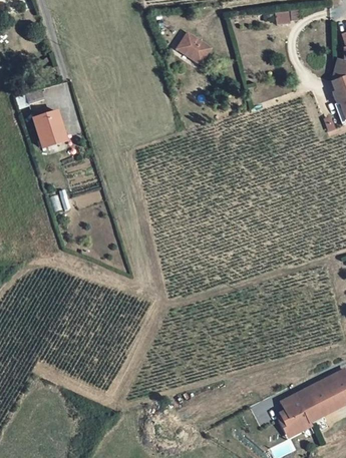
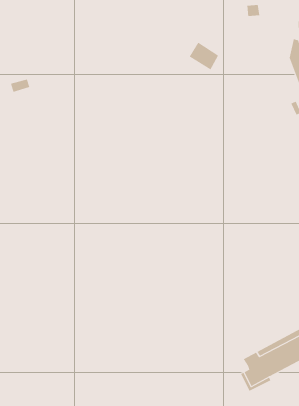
building: [177,29,210,60] -> [189,42,219,70]
building: [31,113,66,149] -> none

